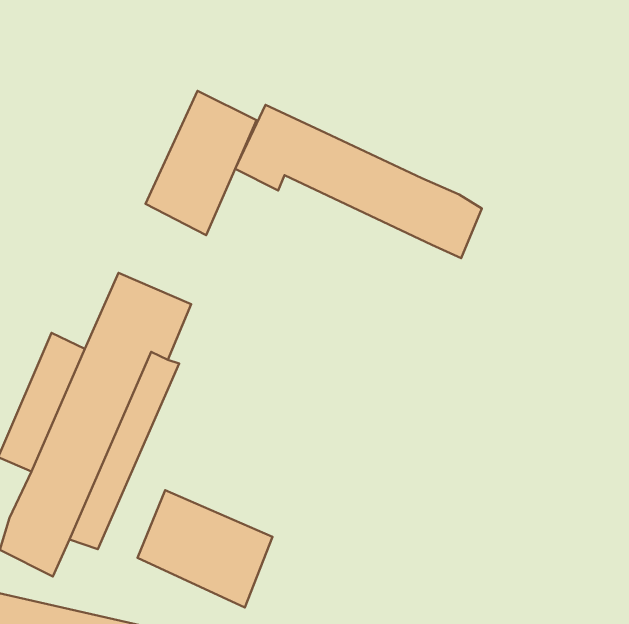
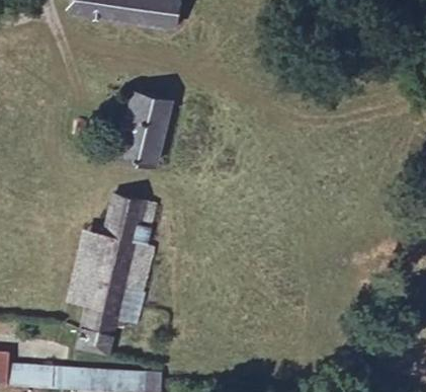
building: [235,105,482,258] -> none
building: [138,490,272,608] -> none

